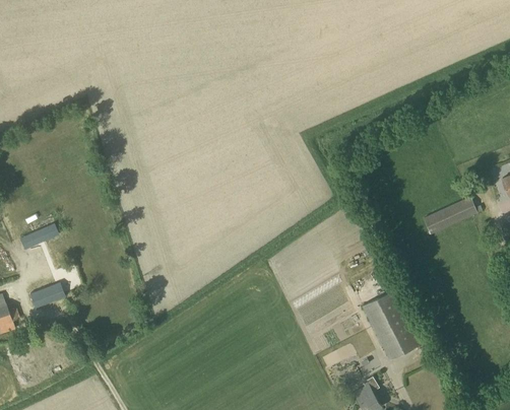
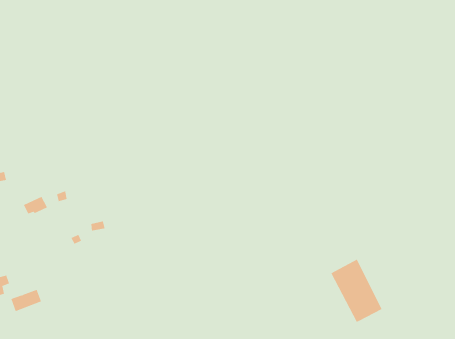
building: [424,197,477,234] -> none
building: [30,283,64,308] -> [11,289,42,312]

